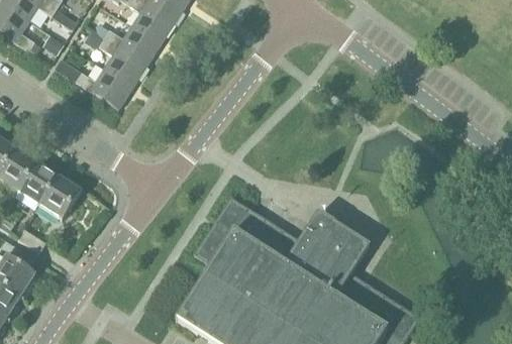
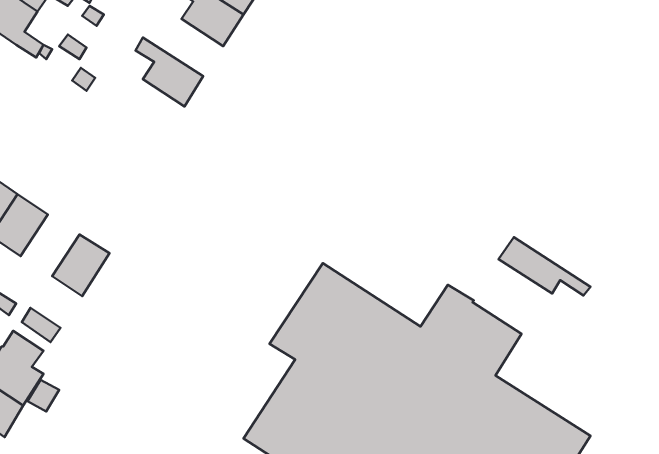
building: [104,24,161,65] -> none
building: [76,67,133,109] -> none
building: [18,161,60,205] -> none
building: none -> [498,237,591,296]

